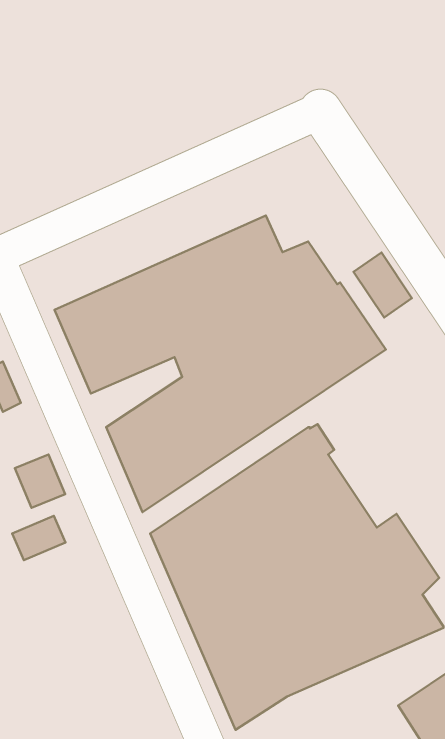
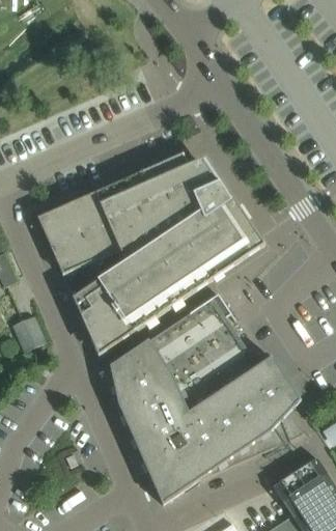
building: [354,253,412,318] -> none
building: [12,516,66,560] -> none

